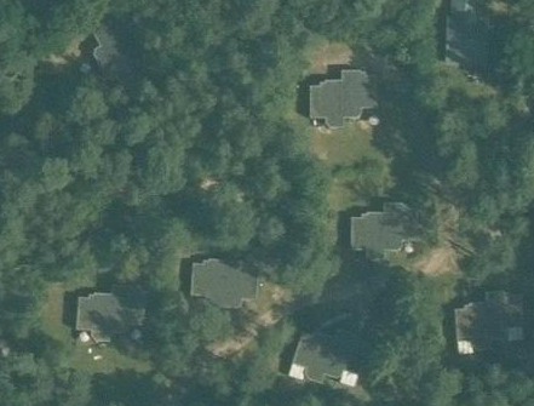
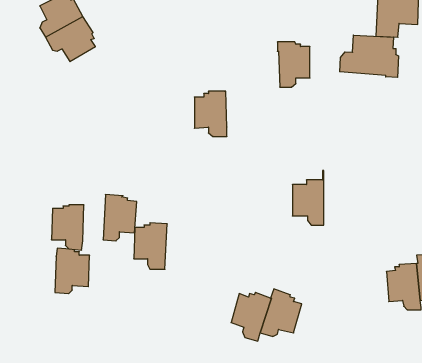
building: none -> [340,35,399,77]
building: [310,79,344,126] -> [194,91,227,136]
building: [390,202,423,261] -> none
building: [224,259,259,308] -> [103,195,137,241]
building: [76,293,110,341] -> [51,205,84,250]

